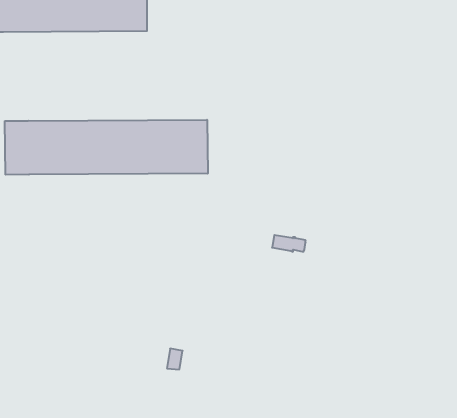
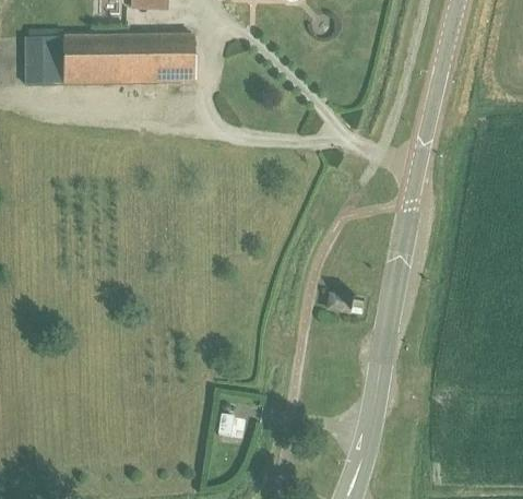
building: [5,120,208,175] -> none

